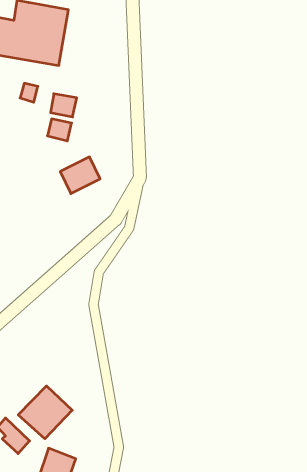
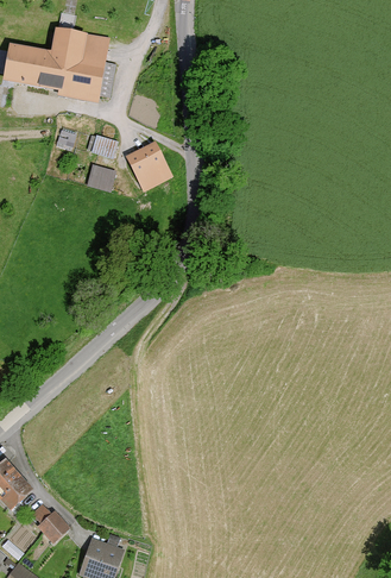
building: [60,157,100,194] -> [124,140,169,182]
building: [18,386,72,439] -> none

